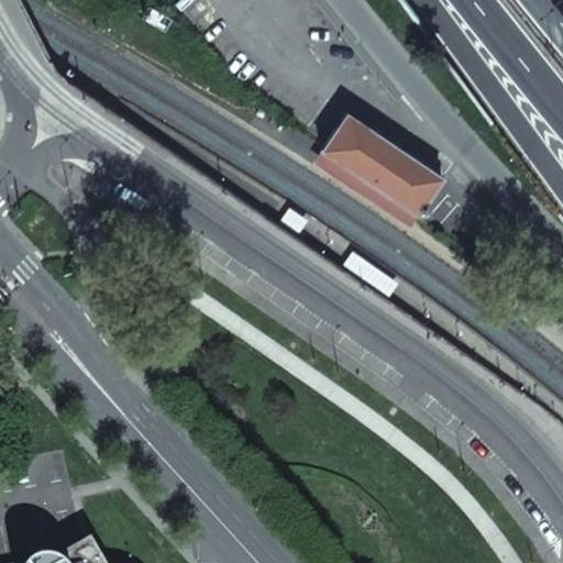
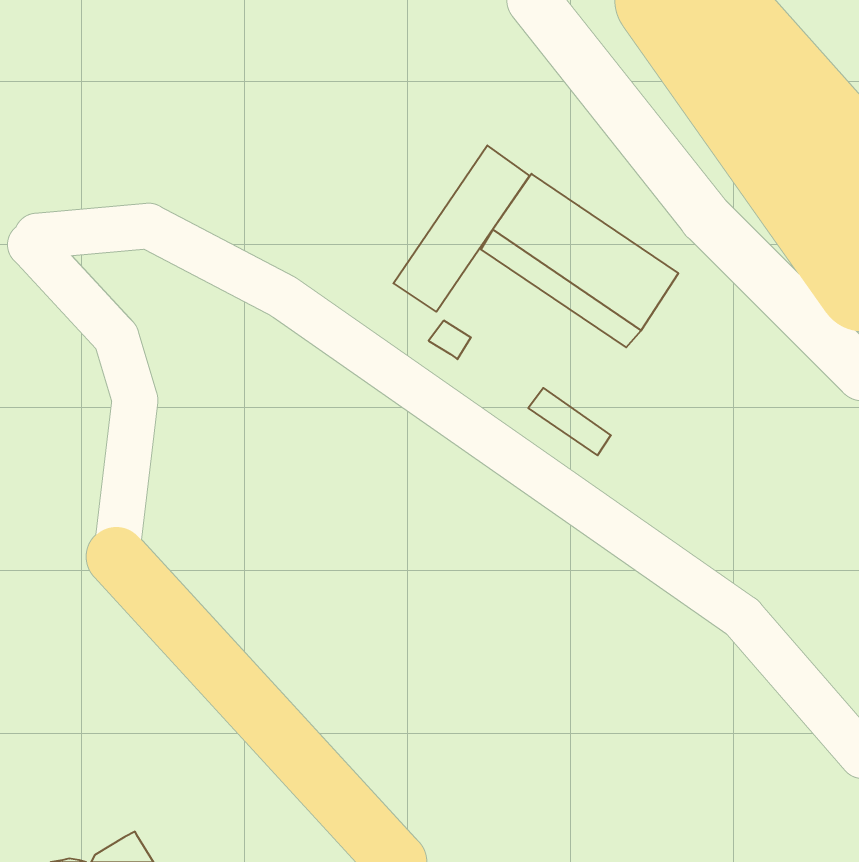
building: none -> [393,145,529,312]

